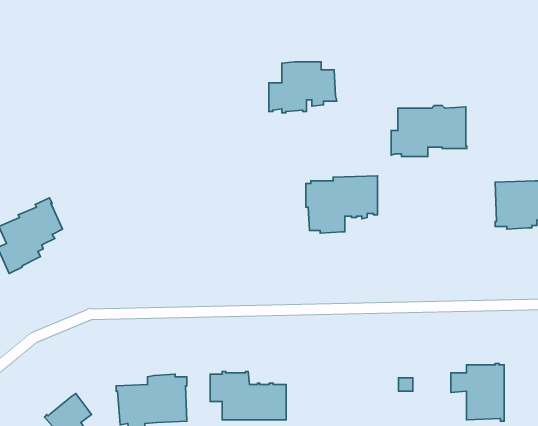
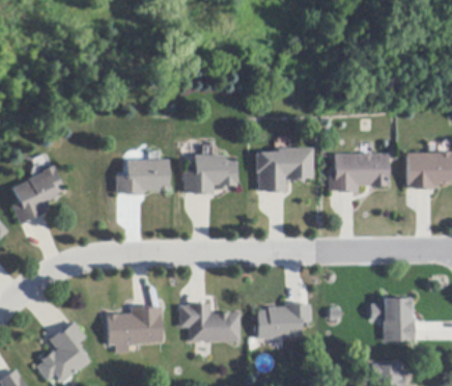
building: [269,62,337,113] -> [183,155,237,195]
building: [391,106,467,156] -> [330,151,390,192]
building: none -> [115,160,168,195]
building: none -> [258,303,311,339]

